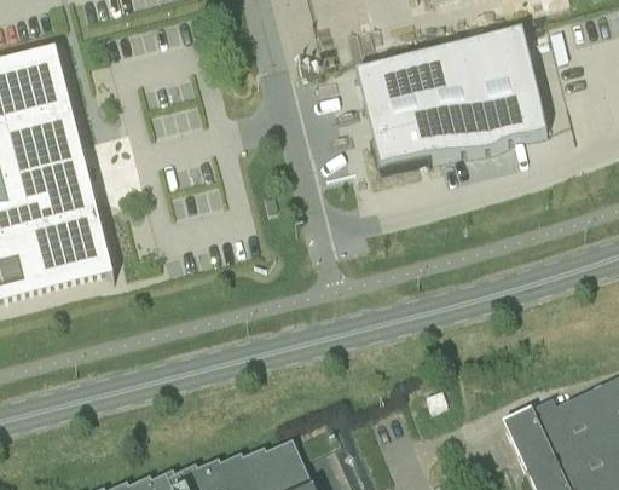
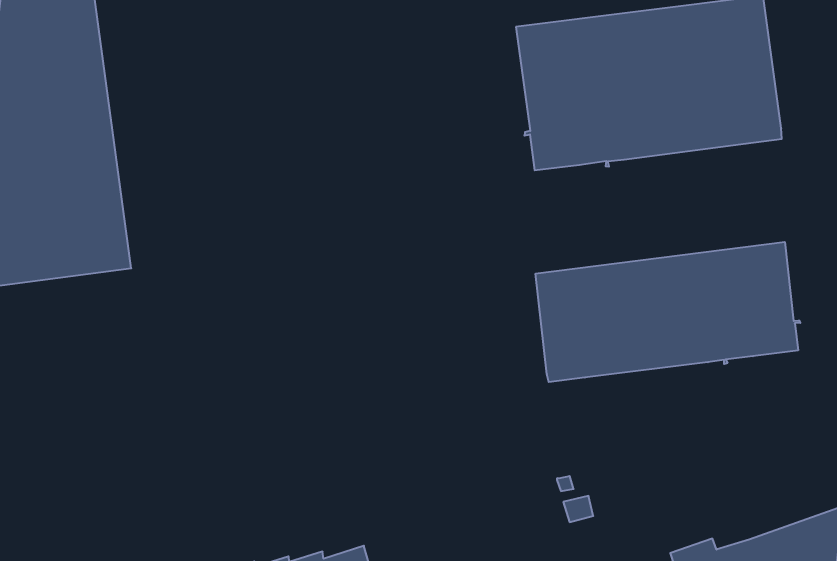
building: none -> [536,242,800,382]

